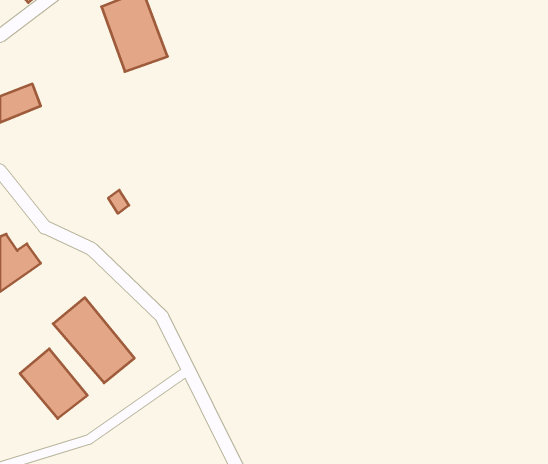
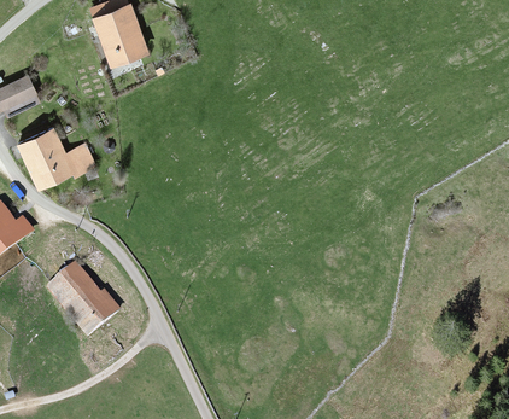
building: none -> [19,127,93,190]
building: [20,349,87,419] -> none

